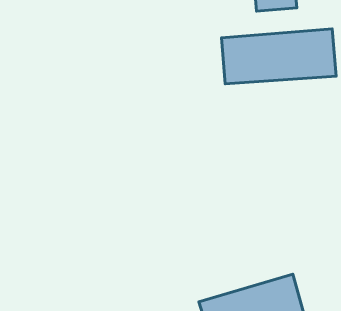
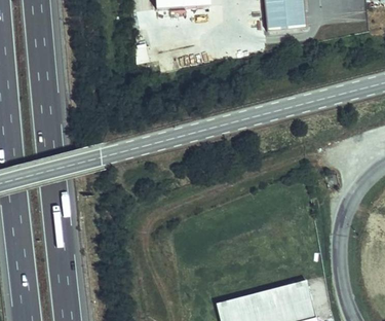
building: [222,29,336,84] -> none

